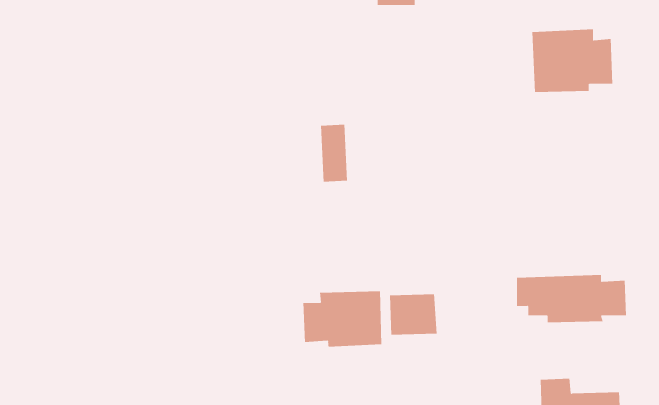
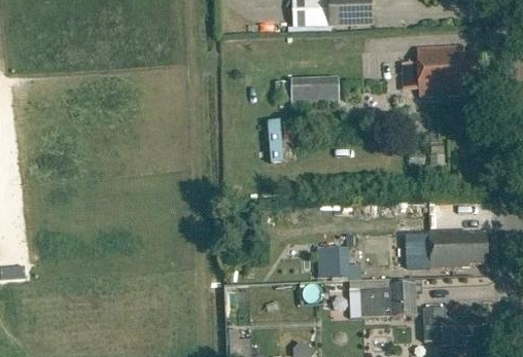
building: none -> [289,78,339,103]
building: [303,290,382,347] -> none
building: none -> [360,281,417,315]

